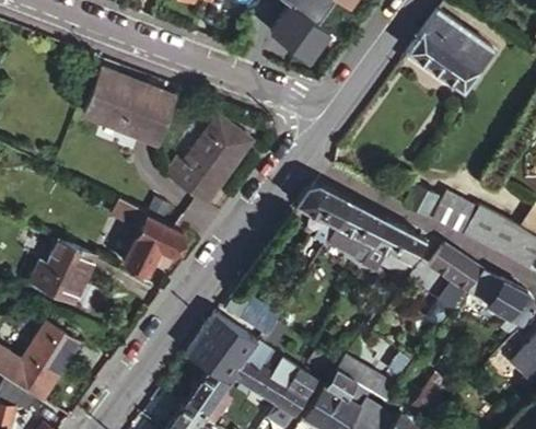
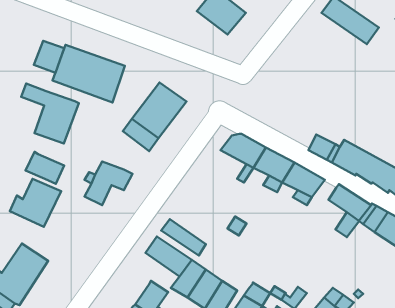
building: [408,32,479,92] -> none
building: none -> [34,41,64,73]
building: none -> [21,83,79,144]
building: none -> [25,152,64,184]
building: [186,334,244,383] -> none

